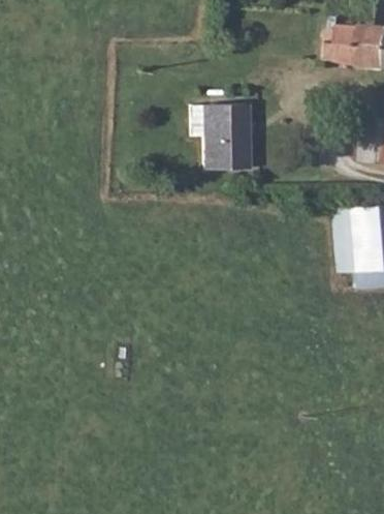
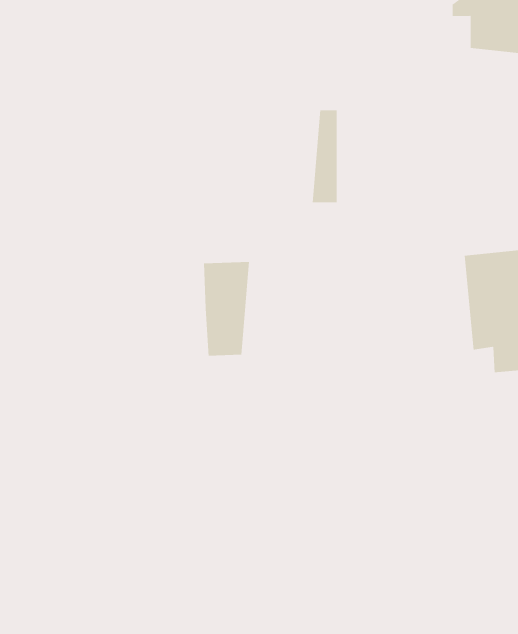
building: [202,104,234,170] -> [203,262,250,356]

